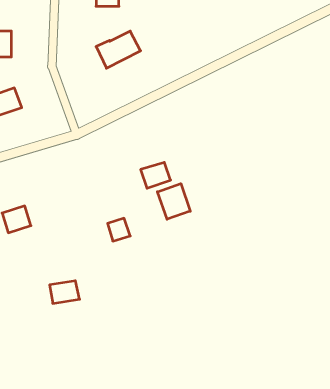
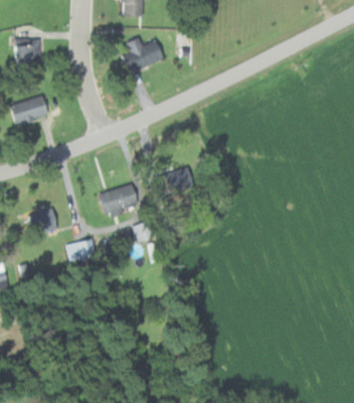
building: none -> [99,184,139,215]
building: [157,184,190,219] -> none
building: [50,281,80,303] -> [66,240,96,262]

